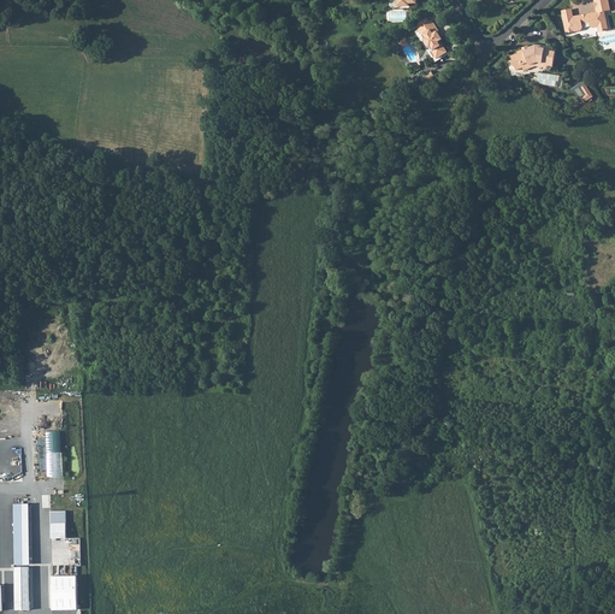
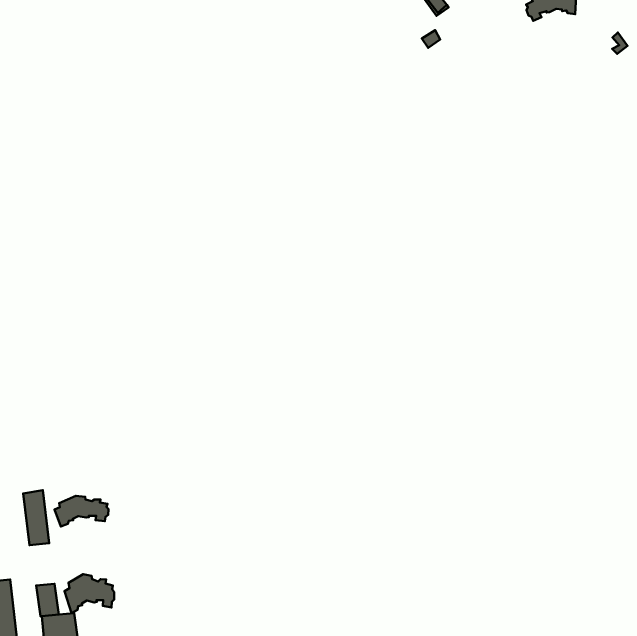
building: none -> [54,496,109,526]
building: none -> [64,574,114,613]

